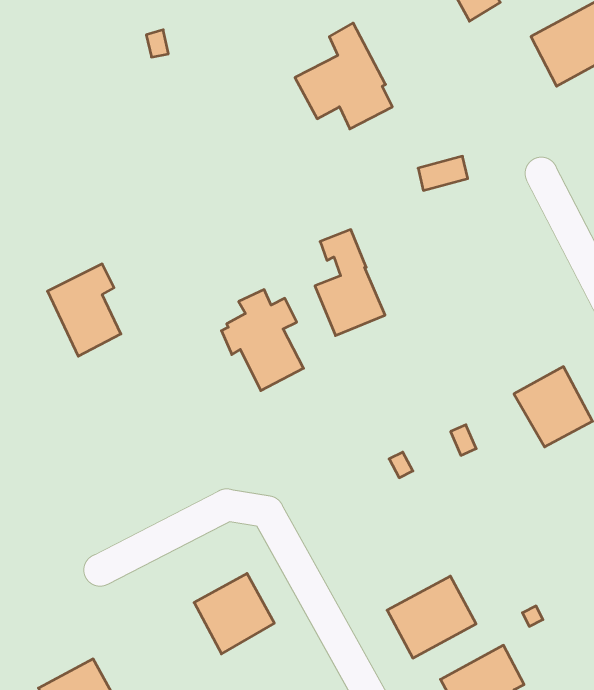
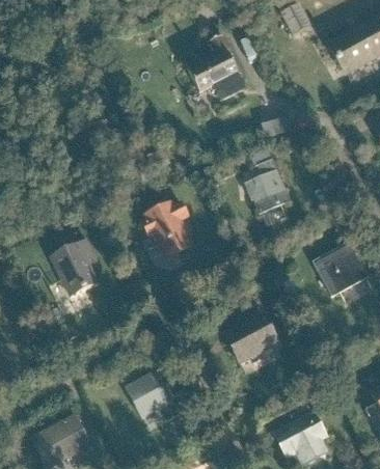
building: [315,230,385,336] -> [248,150,291,215]
building: [47,264,121,356] -> [54,242,99,298]
building: [387,576,476,658] -> [225,315,279,365]

